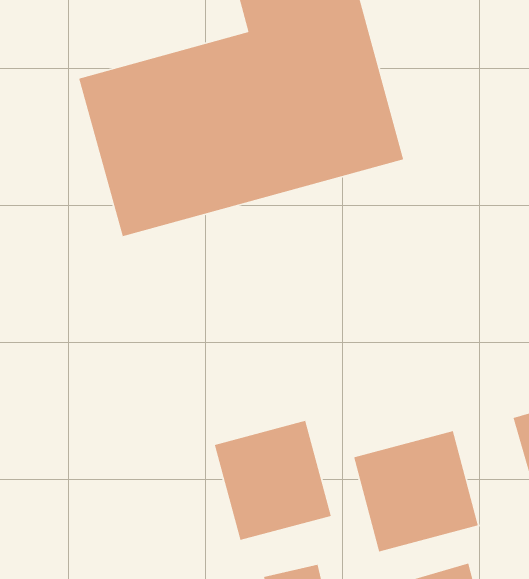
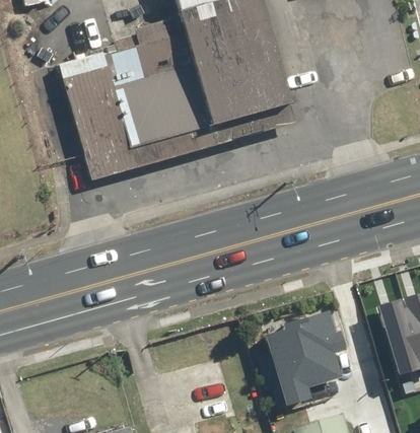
building: [214,420,332,541] -> none

